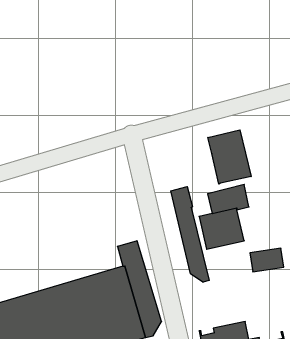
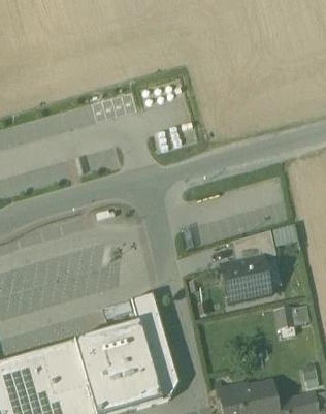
building: [208,130,251,184] -> none
building: [171,187,209,282] -> none

